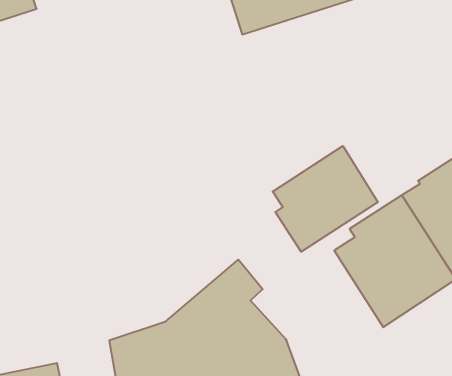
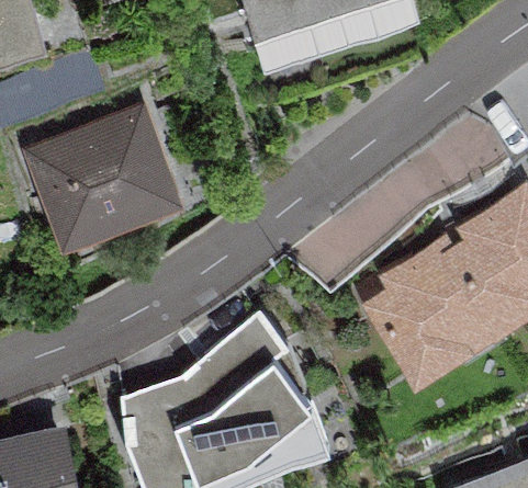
building: none -> [26,110,181,249]
building: [273,146,378,252] -> none

